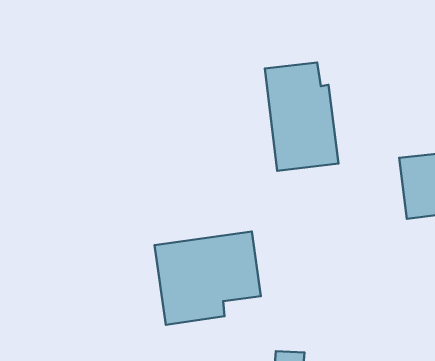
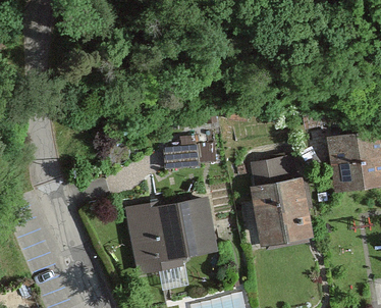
building: [265,62,338,171] -> [249,156,309,245]

